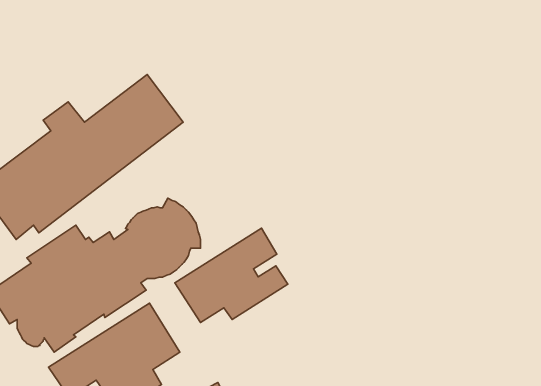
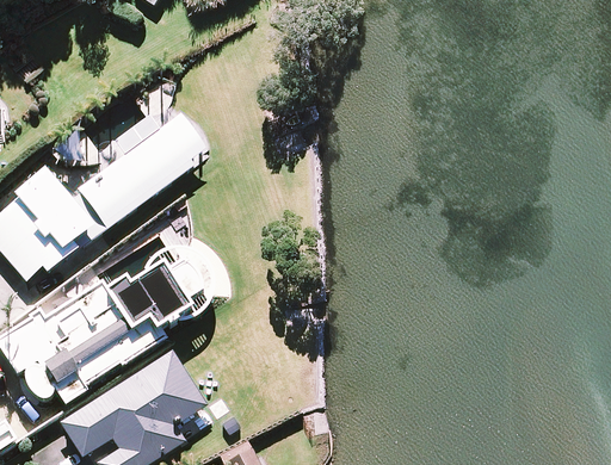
building: [175,228,288,323] -> none

